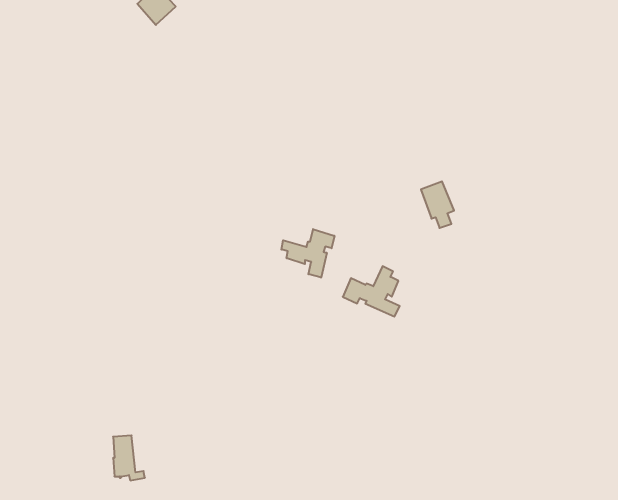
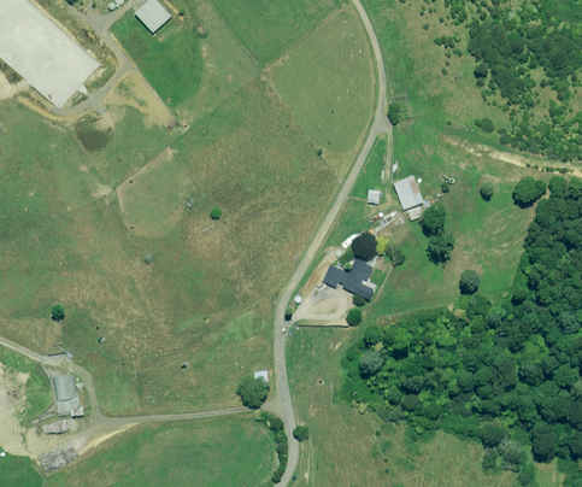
building: [281,229,334,278] -> none
building: [113,435,145,480] -> [55,375,84,416]

